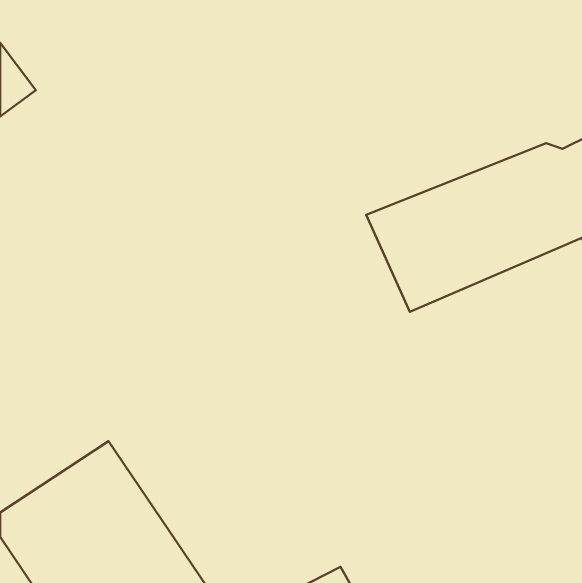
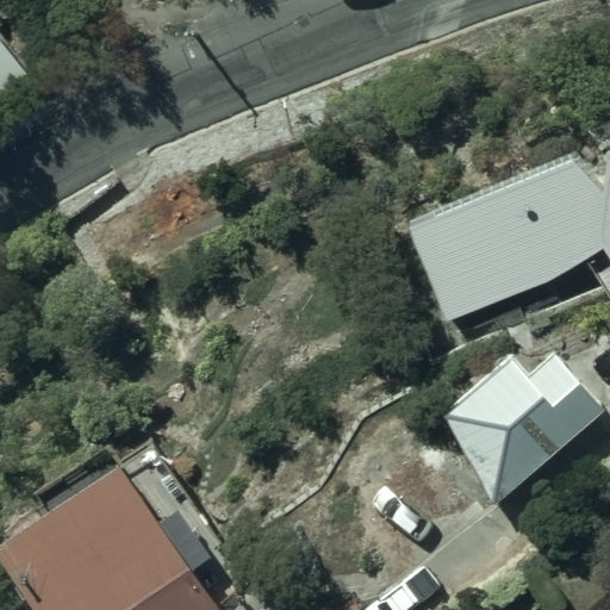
building: none -> [446,362,604,494]

